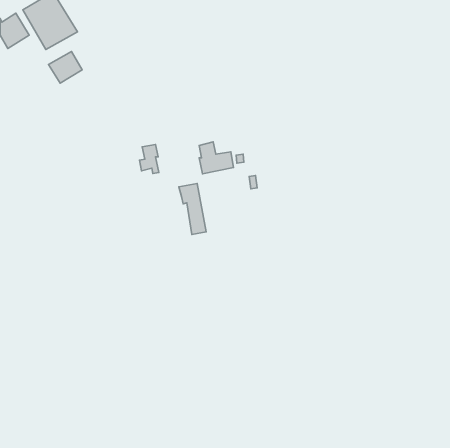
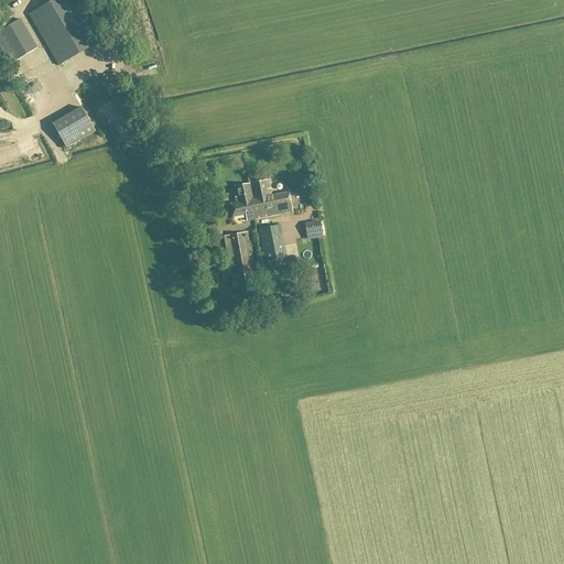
building: [49,51,82,83] -> [53,108,95,148]
building: [140,144,159,173] -> [229,182,253,218]
building: none -> [258,223,285,259]

